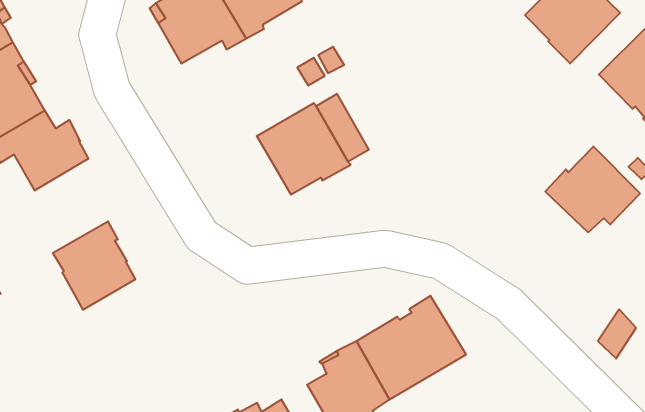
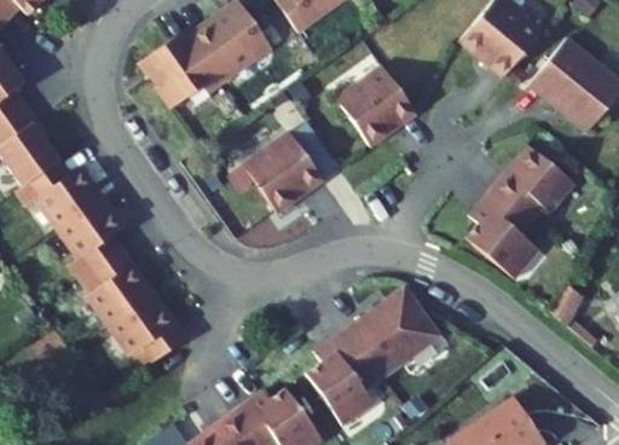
building: none -> [336,65,418,145]
building: none -> [58,197,126,281]
building: none -> [467,189,538,278]
building: none -> [109,296,187,370]

